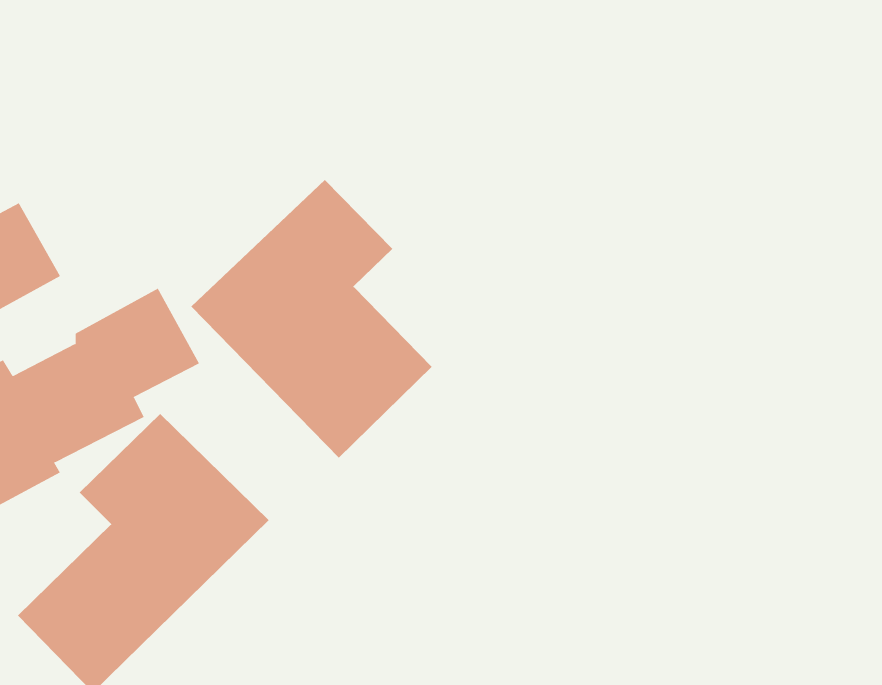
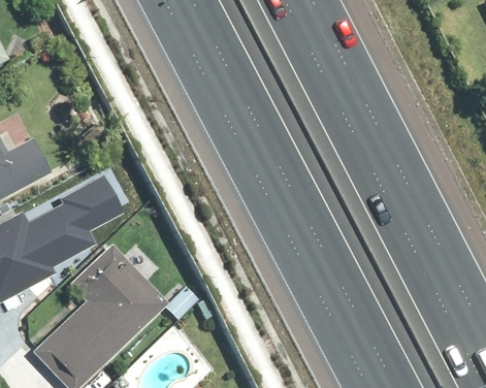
building: [190,179,432,459] -> none

